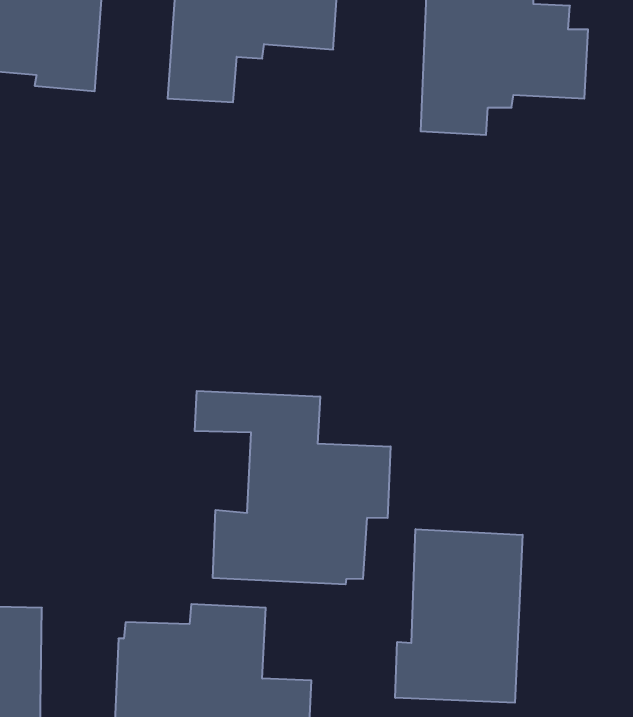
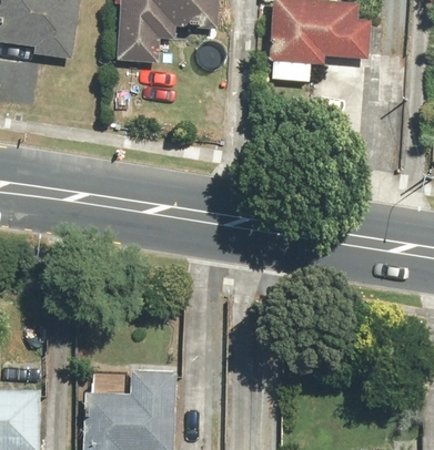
building: [195,391,391,584] -> none
building: [395,529,523,703] -> none

